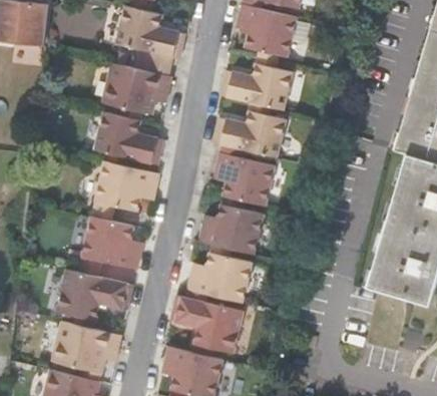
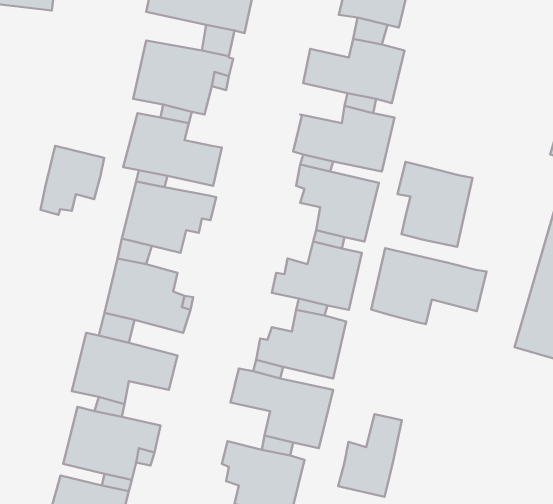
building: none -> [40,146,104,215]
building: none -> [397,162,472,247]
building: none -> [371,248,486,324]
building: none -> [338,414,402,497]

